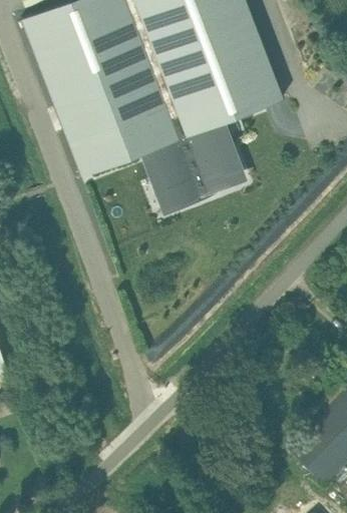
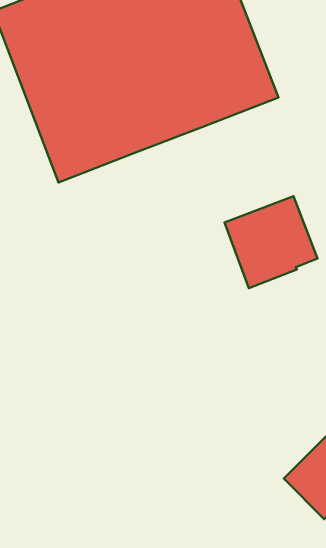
building: [150,125,236,209] -> [225,196,318,288]

